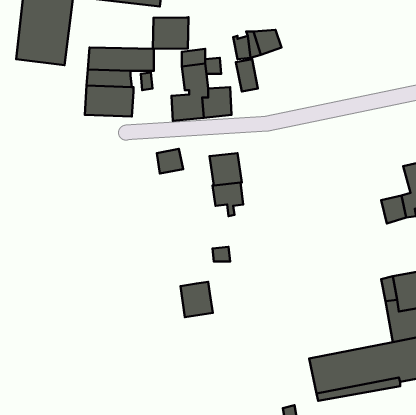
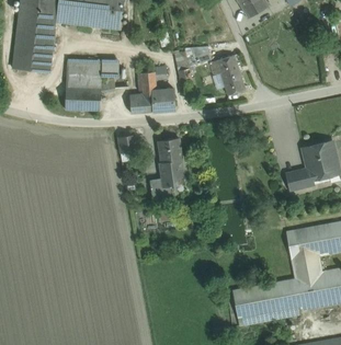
building: [153,17,189,49] -> none
building: none -> [209,55,246,94]
building: [180,282,213,317] -> [150,176,174,203]

